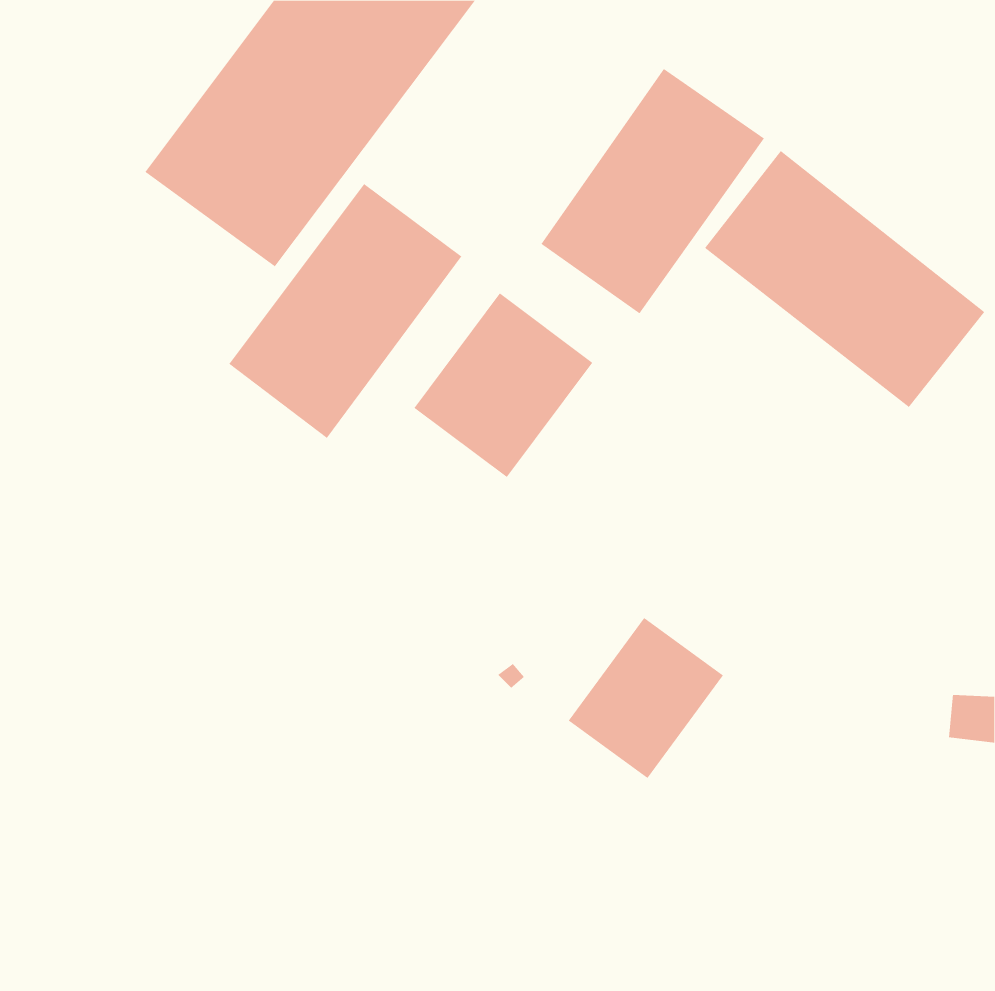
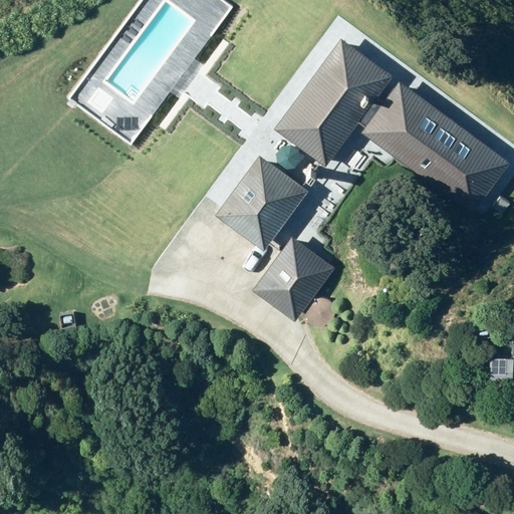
building: [228,183,462,439] -> none
building: [568,617,724,779] -> [253,238,333,321]

